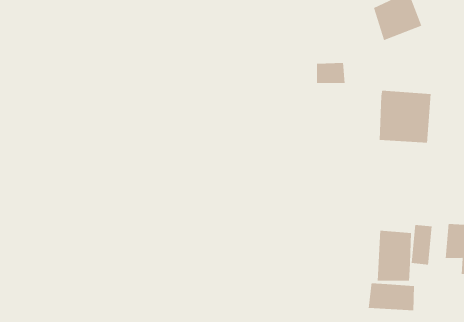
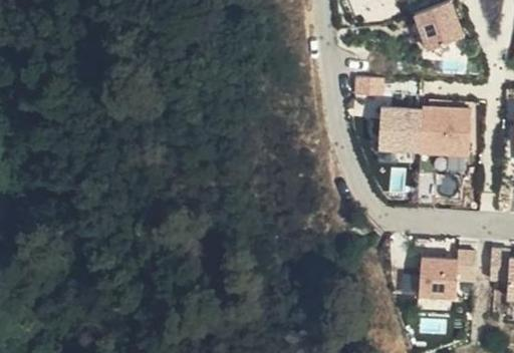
building: none -> [374,108,422,157]
building: [368,283,414,311] -> none

